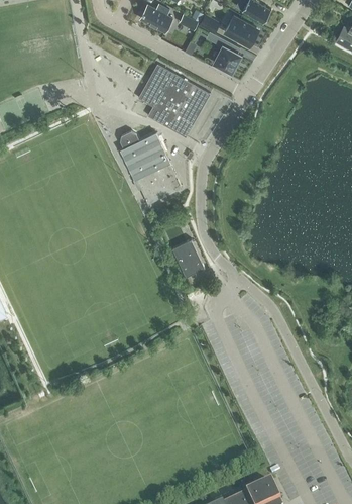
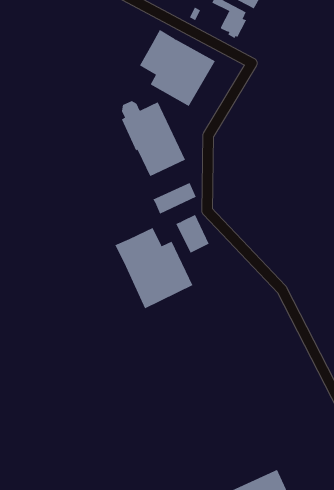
building: none -> [152,182,196,215]
building: none -> [115,227,193,309]

